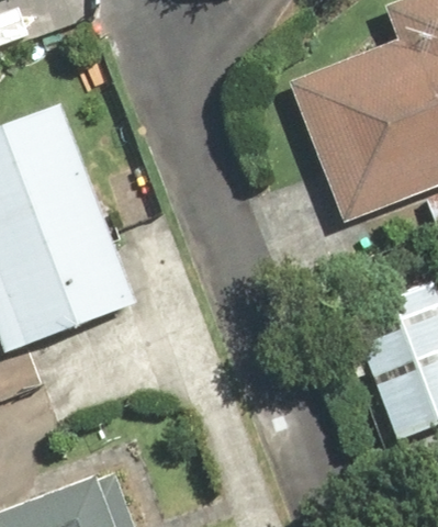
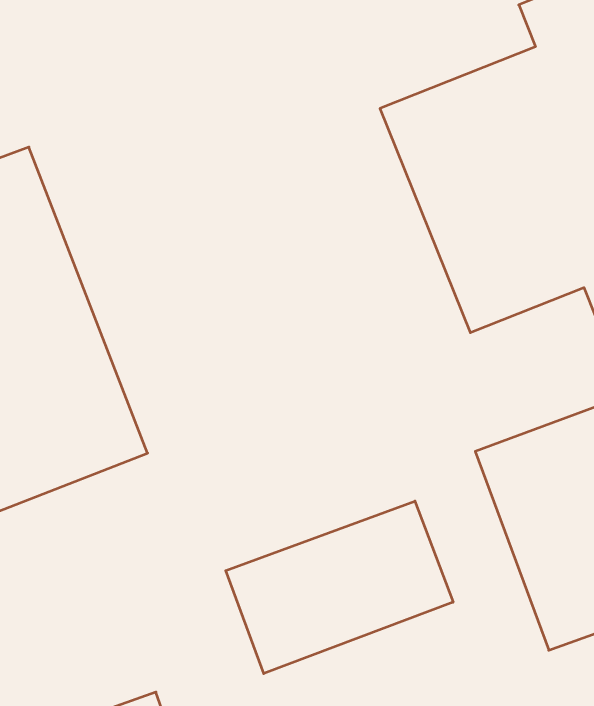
building: none -> [226,501,453,674]

